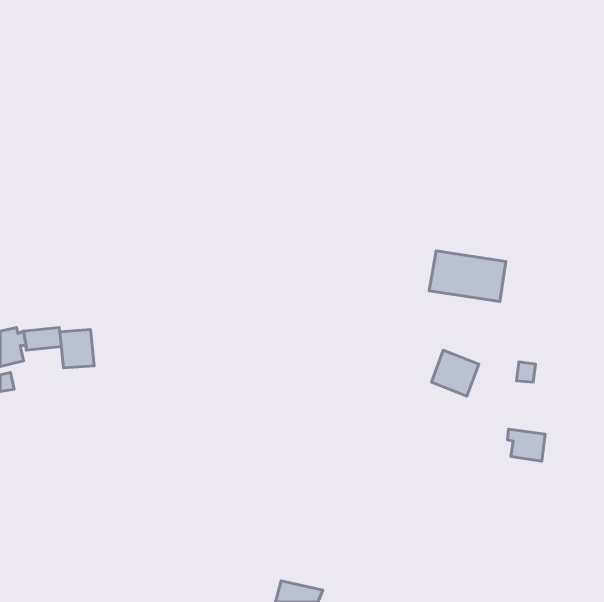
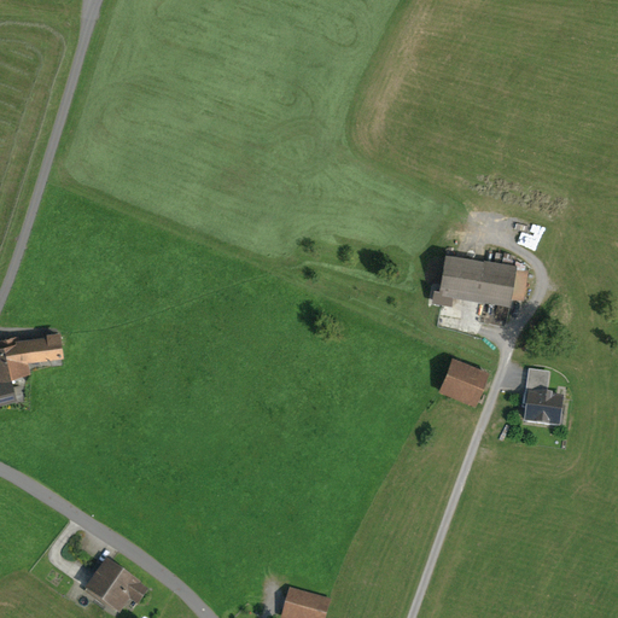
building: [60,330,94,368] -> none
building: [507,429,545,461] -> [523,391,561,424]
building: none -> [91,561,146,606]

